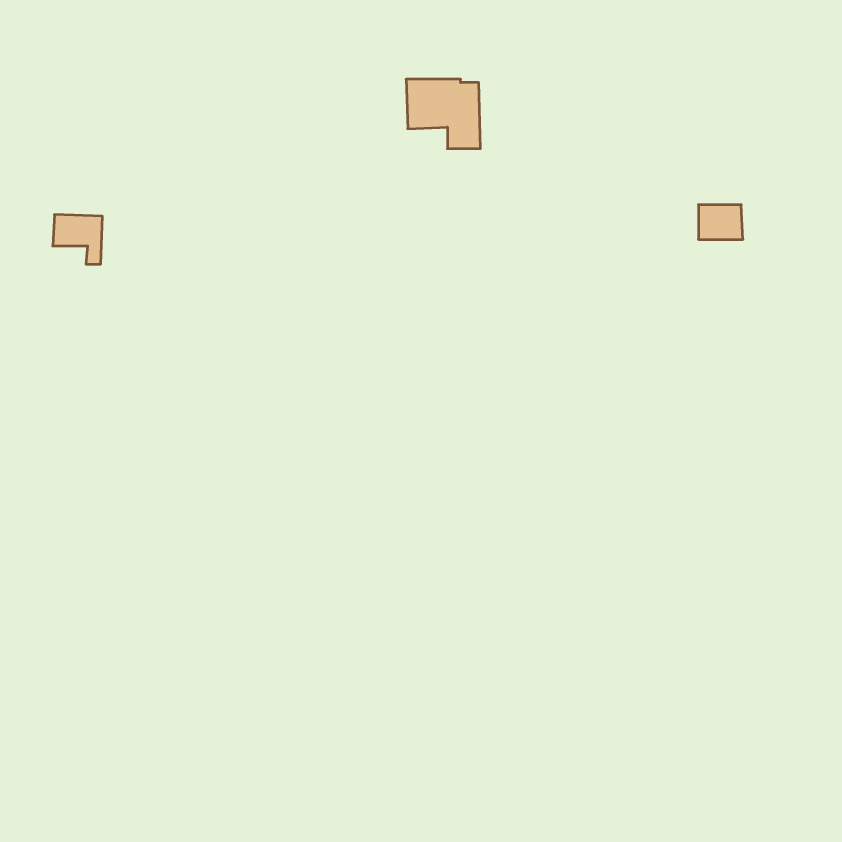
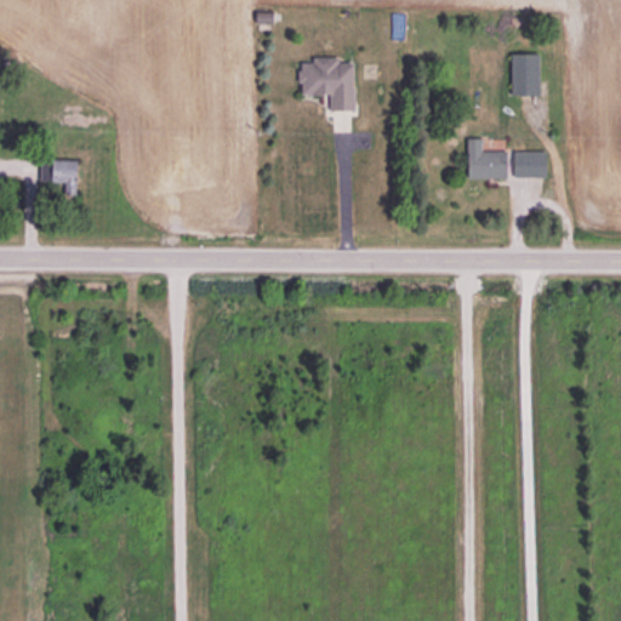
building: none -> [511,55,540,96]
building: none -> [467,138,507,180]

